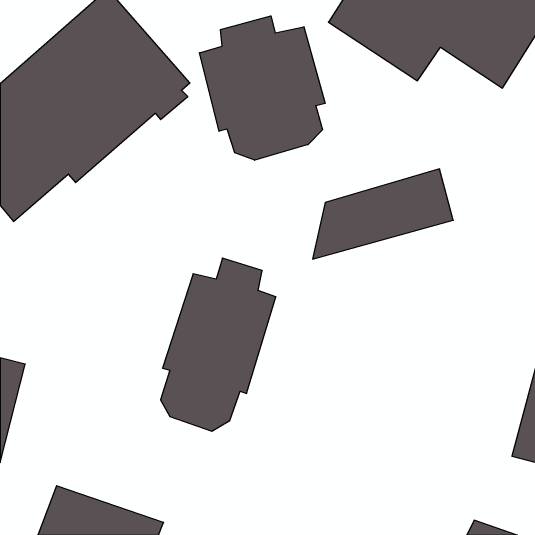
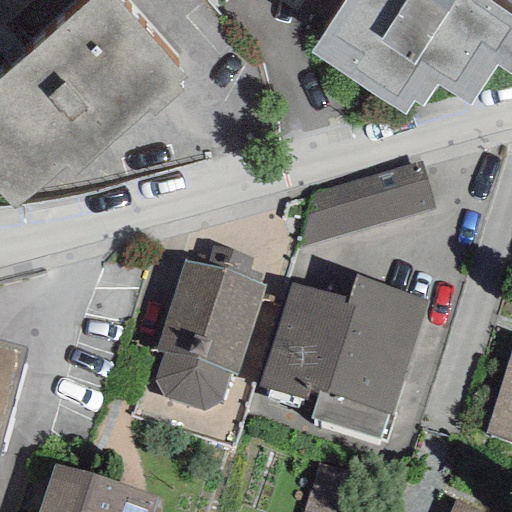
building: [199,16,325,160] -> none
building: none -> [258,275,430,441]

